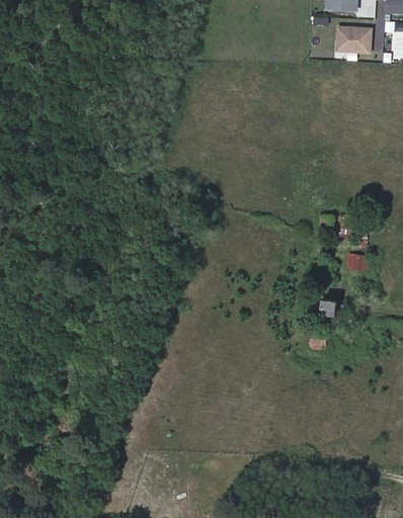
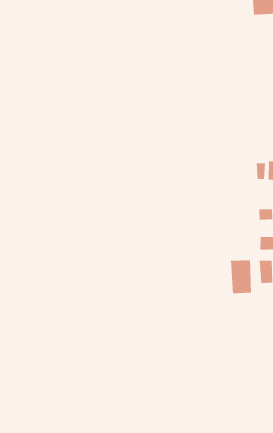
building: none -> [230,259,252,294]

